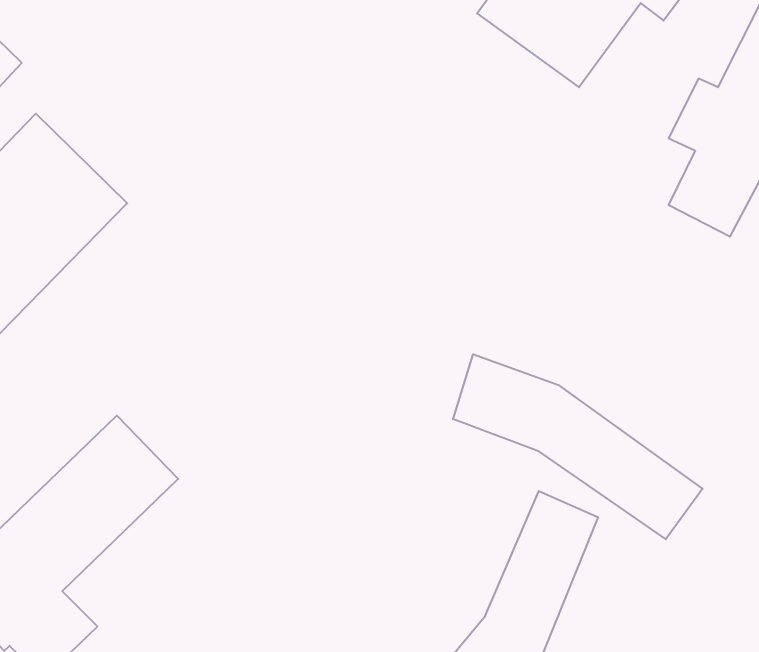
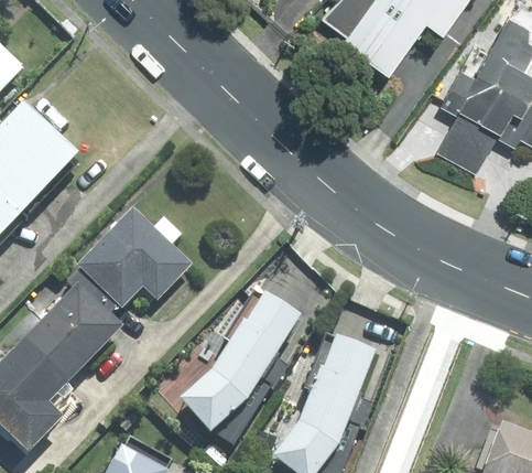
building: none -> [82,211,192,305]
building: [453,354,703,539] -> none
building: none -> [185,289,304,429]

